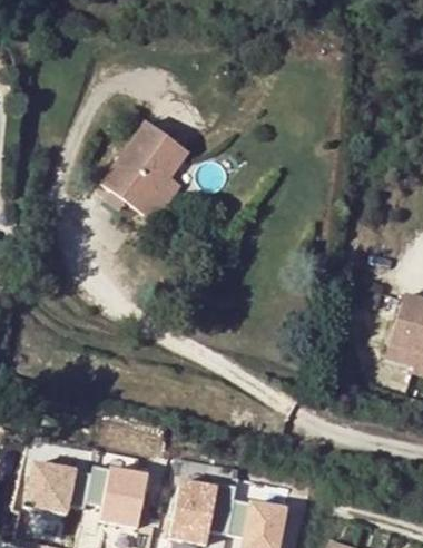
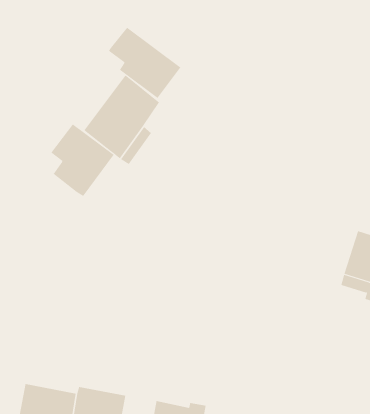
building: none -> [108,27,181,99]
building: none -> [50,123,115,197]

